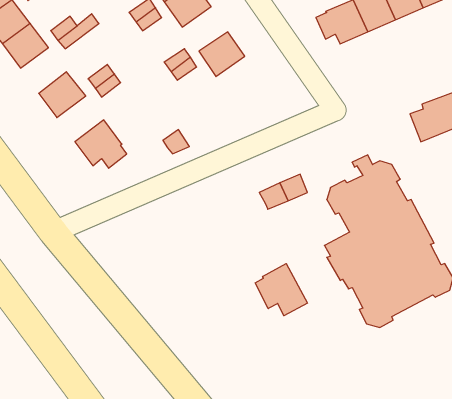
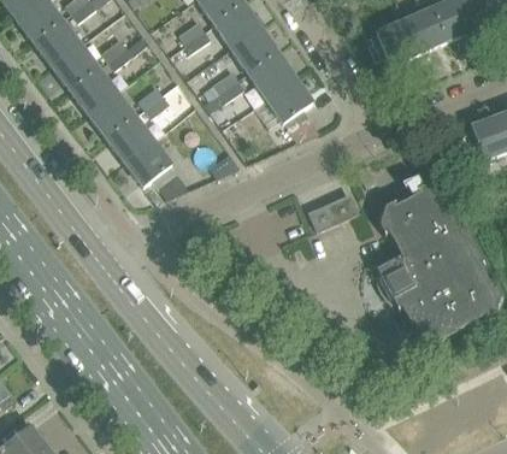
building: none -> [231,26,277,71]
building: none -> [70,67,116,113]
building: none -> [265,76,318,140]
building: none -> [106,116,153,161]
building: [255,264,307,316] -> none

